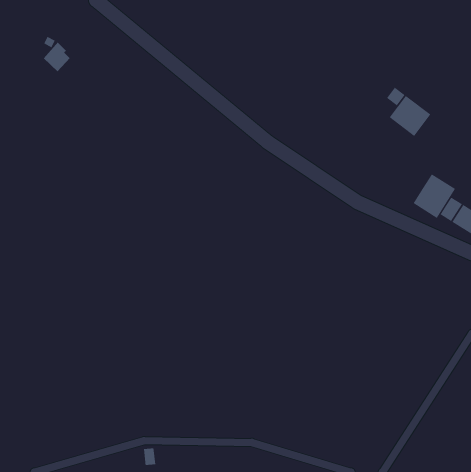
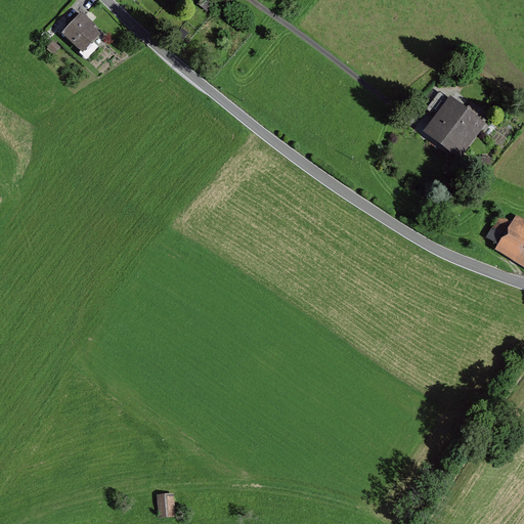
building: [43,42,70,72] -> [67,16,97,50]
building: [413,173,456,219] -> none

